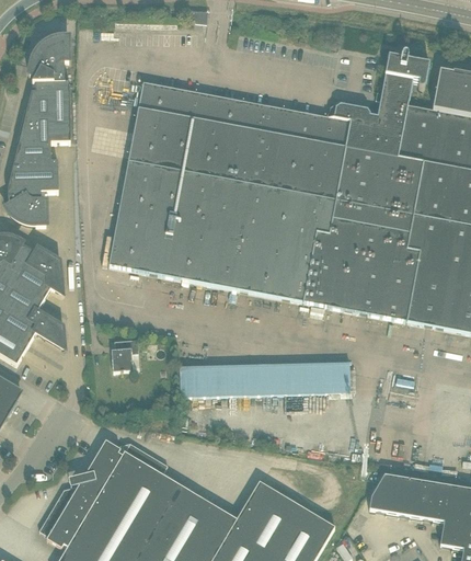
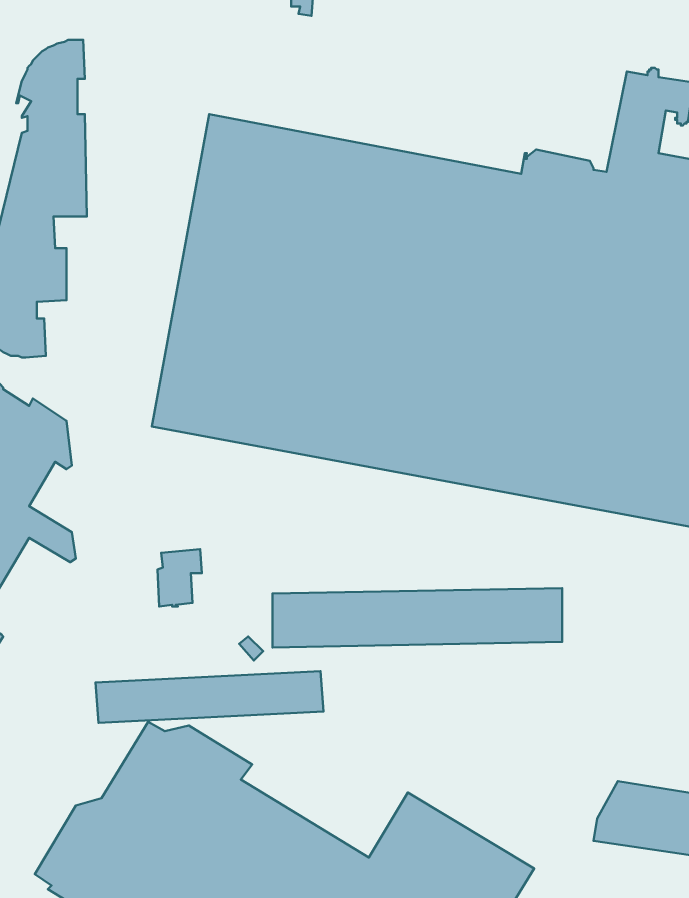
building: none -> [96,671,323,723]

